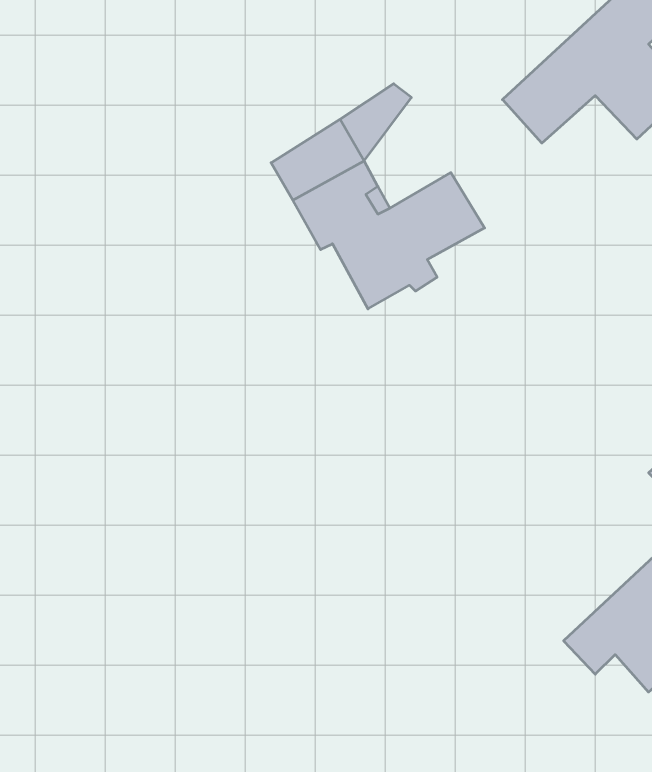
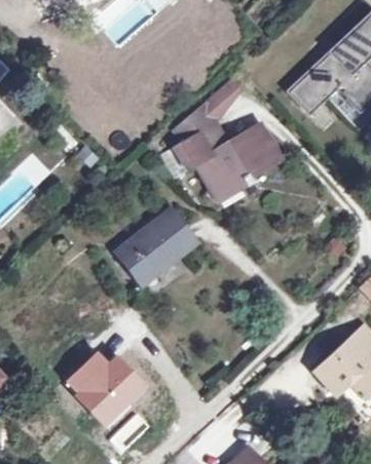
building: none -> [114,209,194,283]
building: none -> [68,344,148,425]

